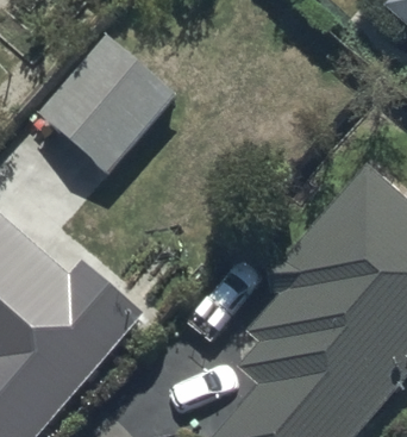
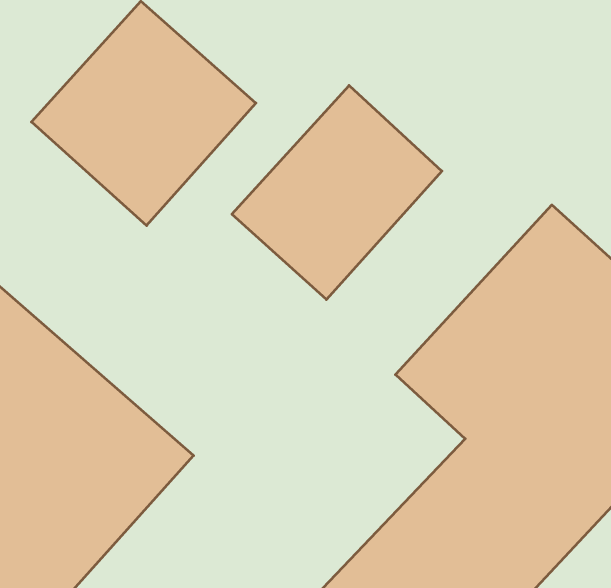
building: none -> [232,85,442,300]

